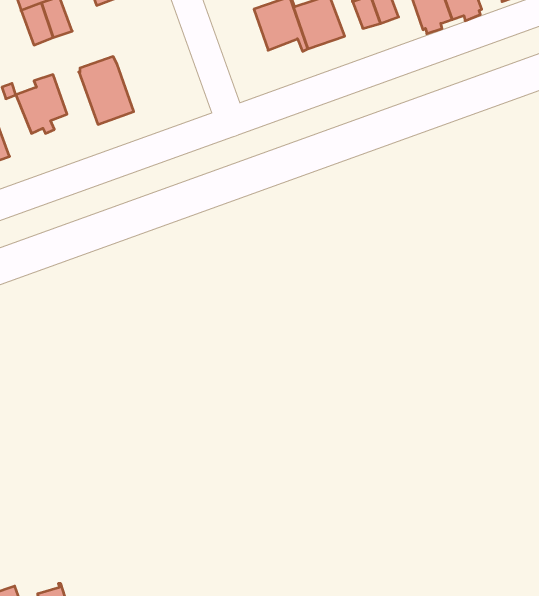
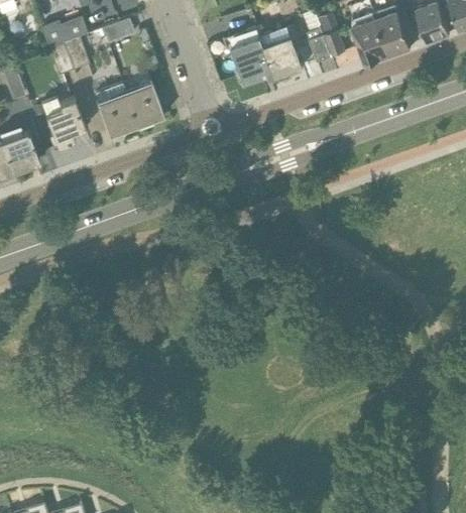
building: none -> [124,76,163,127]

